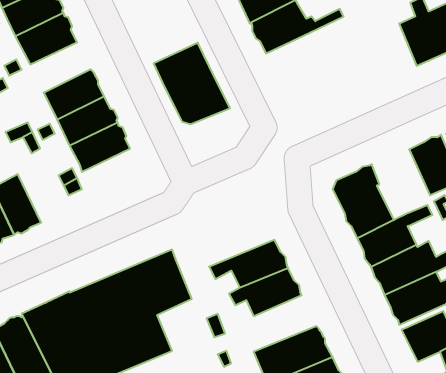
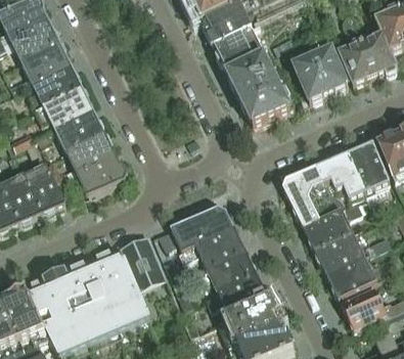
building: none -> [290,45,347,101]
building: none -> [31,63,81,105]
building: [154,43,230,124] -> [226,55,289,123]
building: none -> [74,151,126,194]
building: none -> [314,152,362,211]
building: none -> [20,163,63,213]
building: none -> [168,206,233,250]
building: none -> [205,273,268,315]

